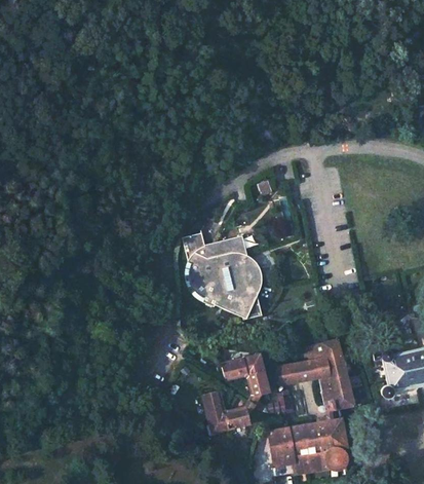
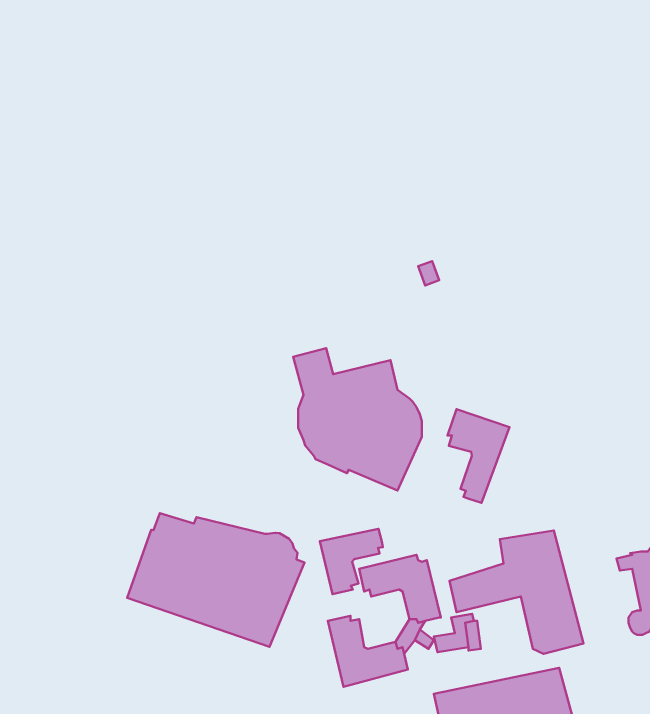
building: none -> [448,409,509,503]
building: none -> [127,513,304,647]
building: none -> [320,529,383,594]

